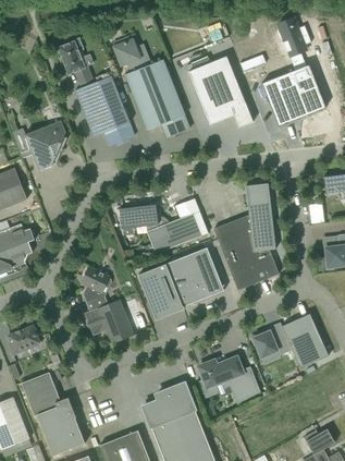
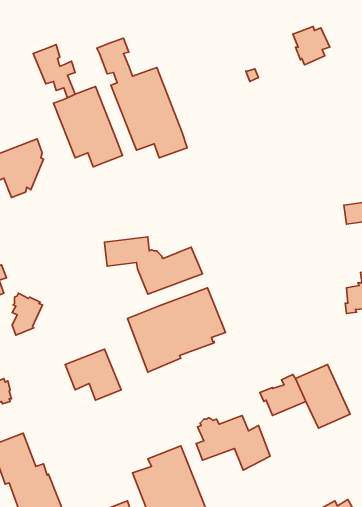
building: [188,54,254,126] -> none
building: [261,64,325,126] -> none
building: [213,193,279,290] -> none
building: [83,266,109,302] -> [12,293,43,335]

